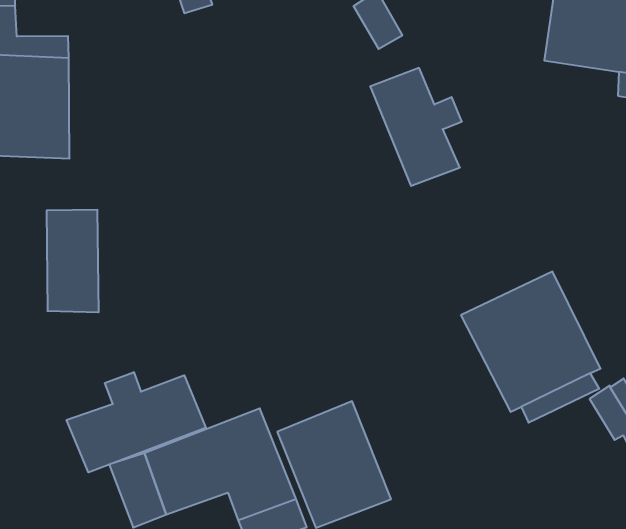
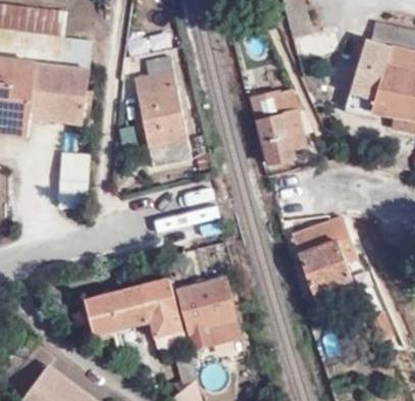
building: none -> [133,56,188,165]
building: [67,372,206,472] -> none

